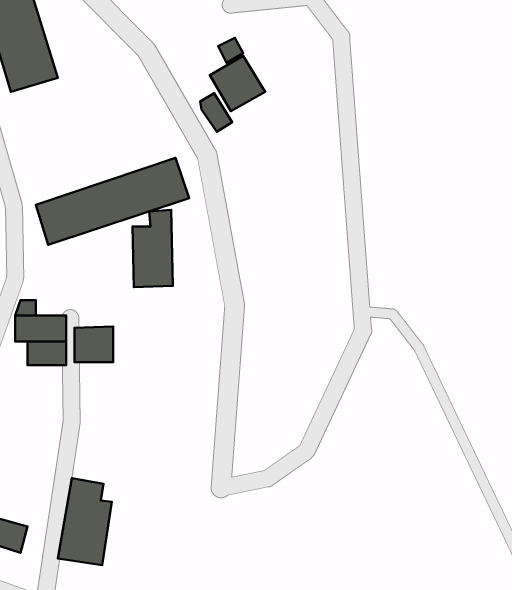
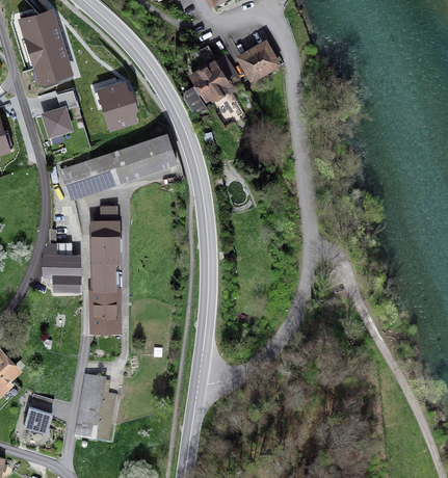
building: none -> [237,41,280,82]
building: none -> [96,81,139,133]
building: none -> [41,106,73,140]
building: [133,210,173,287] -> [86,207,116,265]
building: none -> [87,291,117,335]

